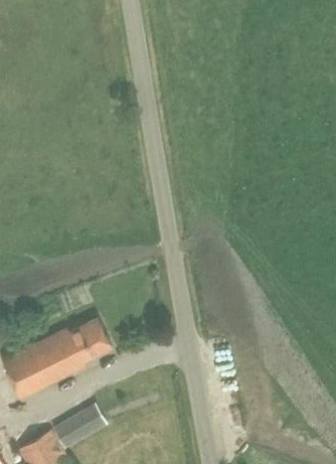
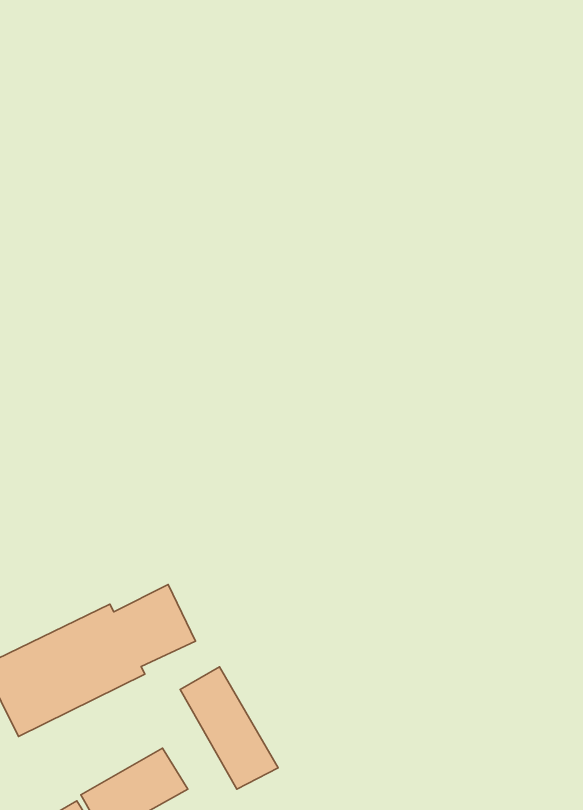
building: none -> [180,667,278,789]

